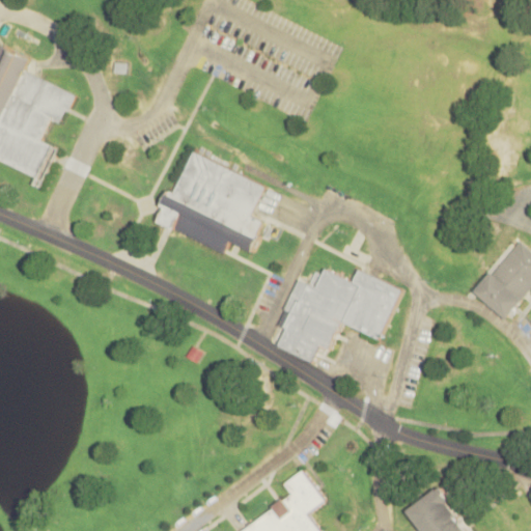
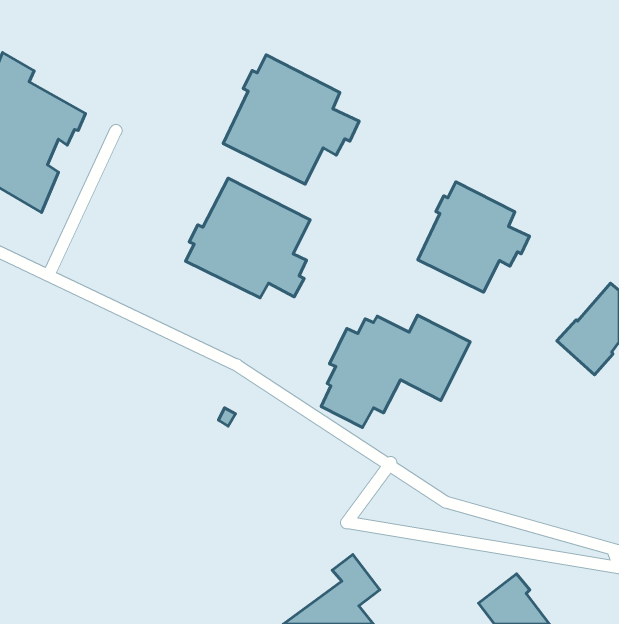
building: none -> [223,55,359,184]
building: none -> [418,182,530,292]

